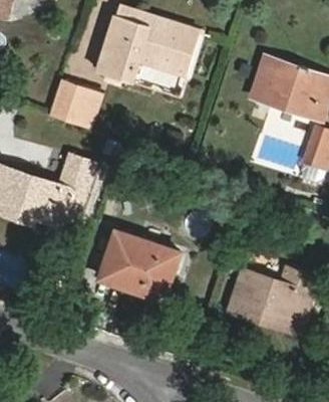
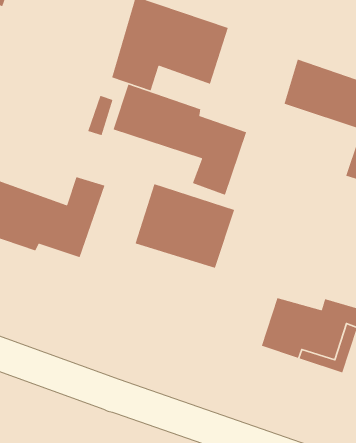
building: none -> [113,84,247,196]
building: [52,80,88,121] -> none
building: [95,226,184,301] -> [135,183,235,269]

